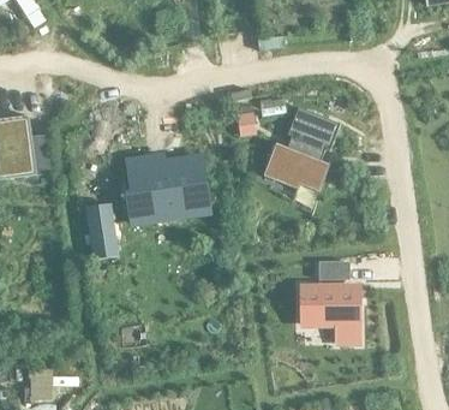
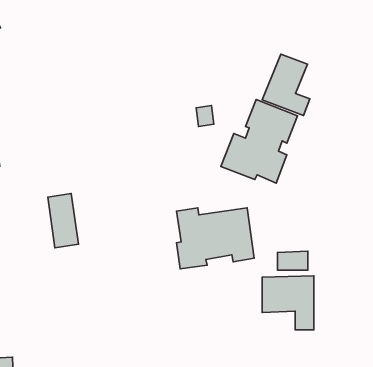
building: none -> [262,54,310,116]
building: [127,156,206,219] -> [177,208,254,269]

